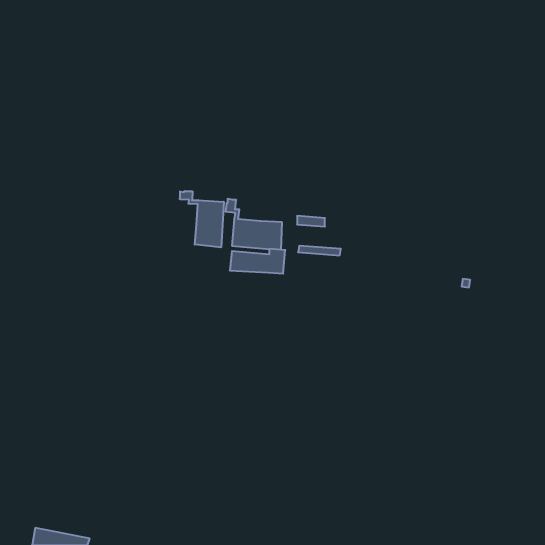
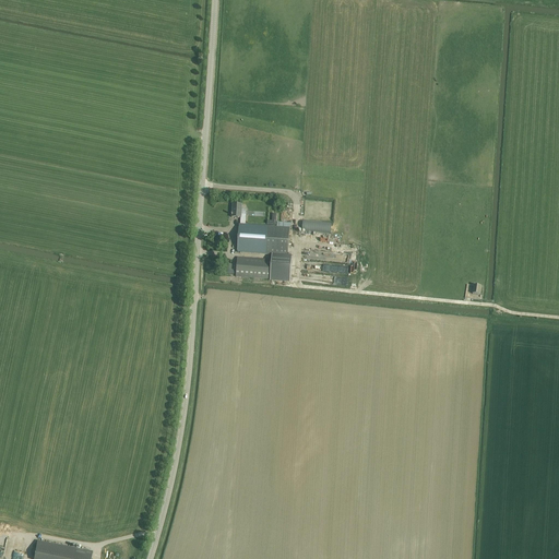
building: [180,191,224,247] -> none

